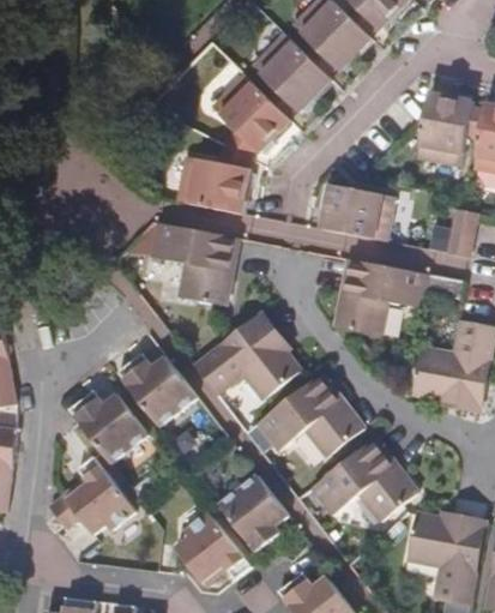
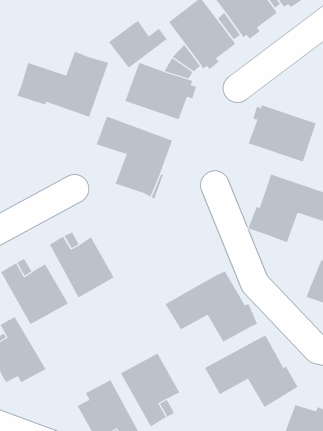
building: none -> [108,20,168,69]
building: none -> [17,51,109,118]
building: [192,312,298,397] -> none

